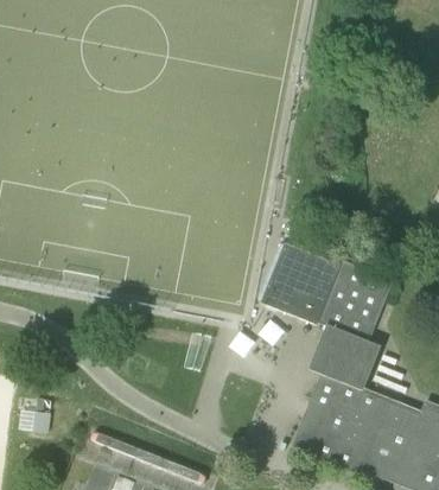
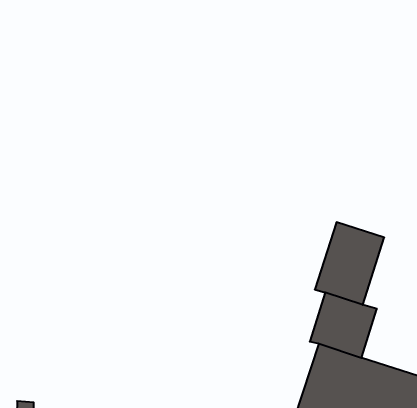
building: [265,248,346,324] -> none

